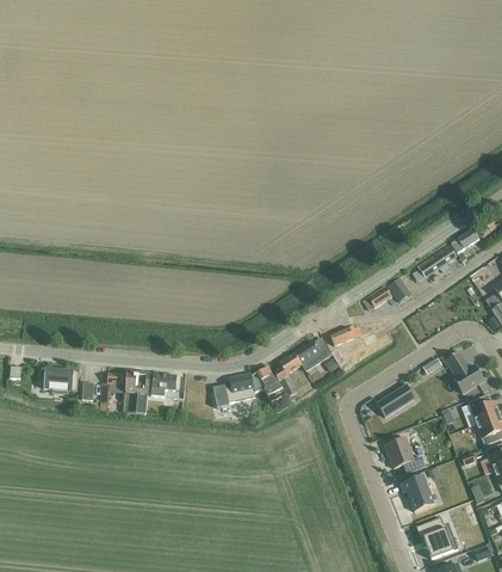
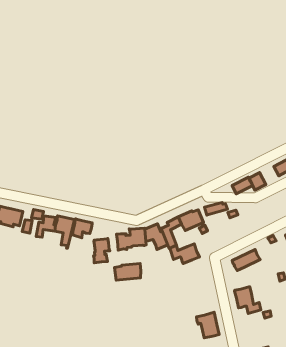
building: none -> [170,244,199,264]
building: none -> [93,239,110,263]
building: none -> [115,263,141,280]
building: [399,474,434,511] -> [196,312,219,338]

